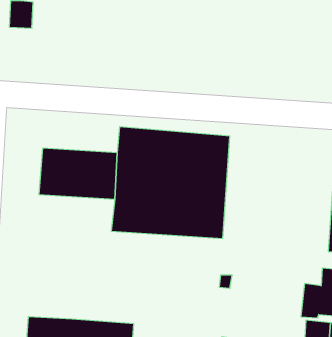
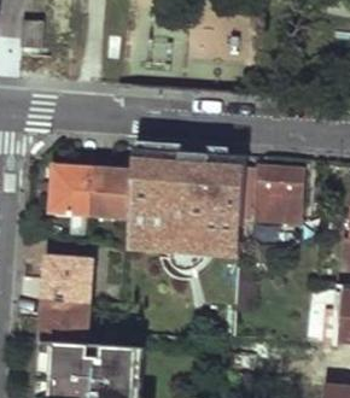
building: none -> [241,169,299,221]
building: none -> [40,262,91,344]

